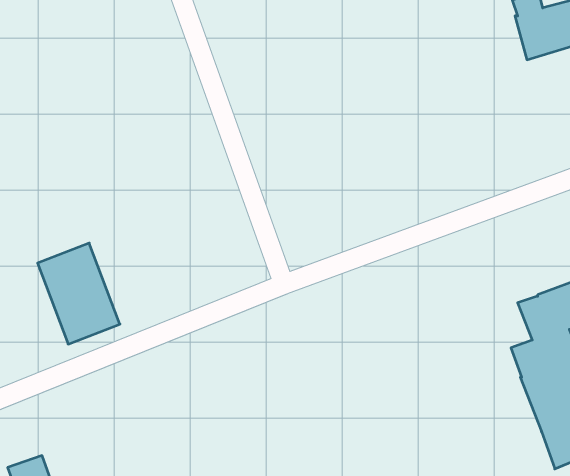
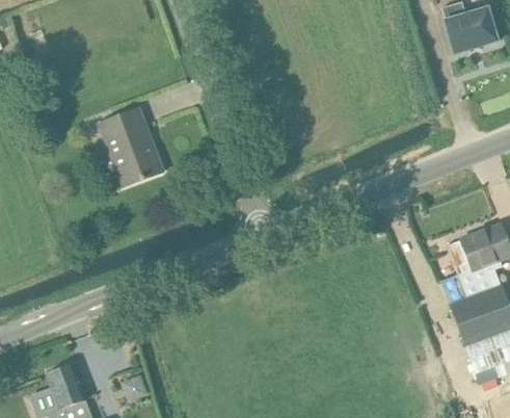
building: [38,243,120,344] -> [99,107,163,186]

